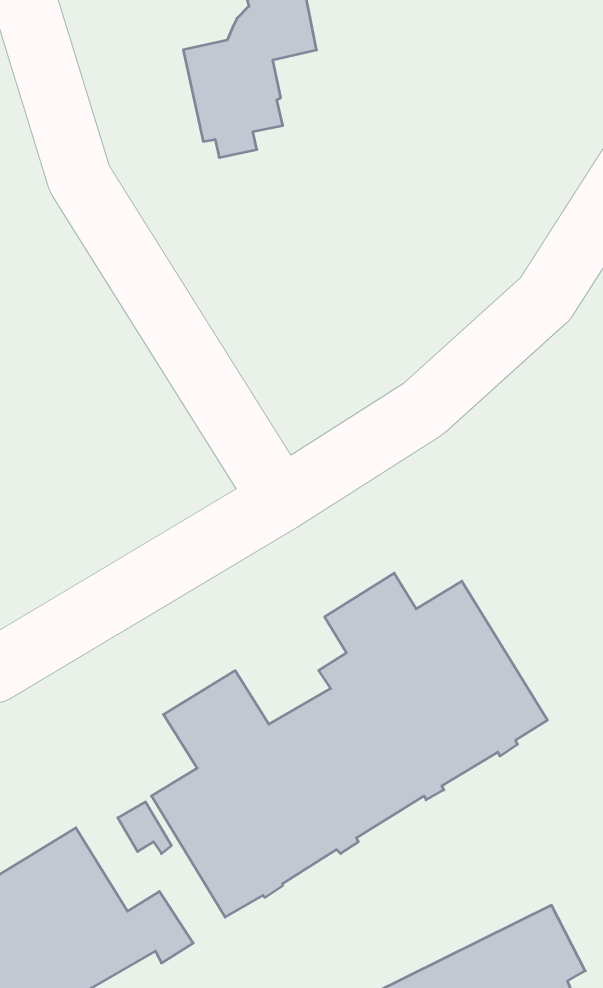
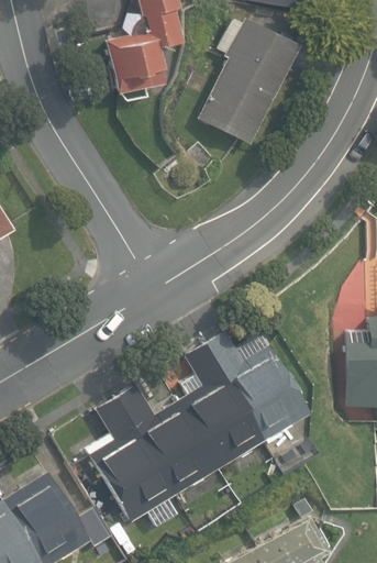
building: none -> [200,19,299,144]

